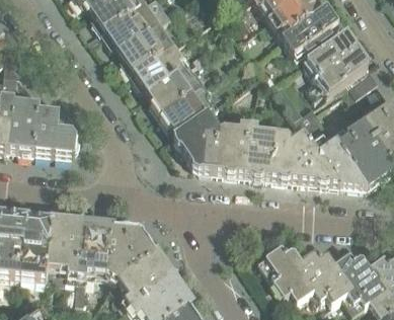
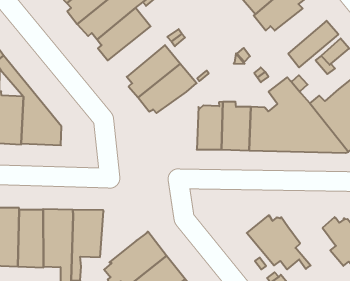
building: [302,32,356,80] -> none
building: [129,42,188,91] -> none
building: [171,111,218,171] -> none
building: [105,227,155,279] -> none
building: [300,248,353,305] -> none

